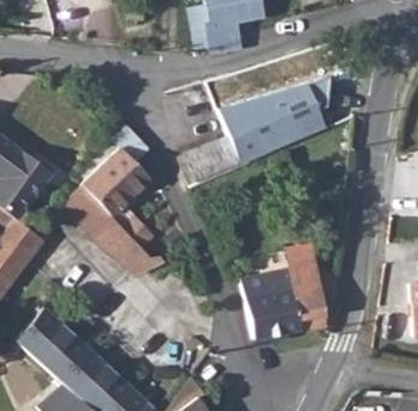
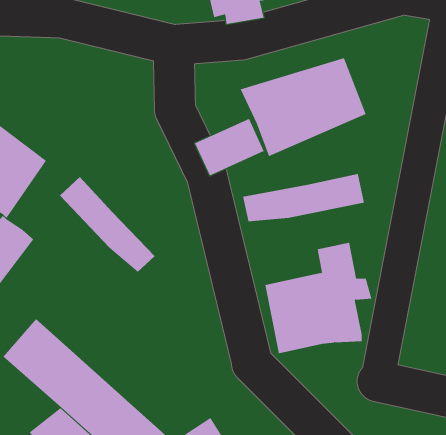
building: [80,146,150,215] -> none
building: none -> [242,173,365,222]

